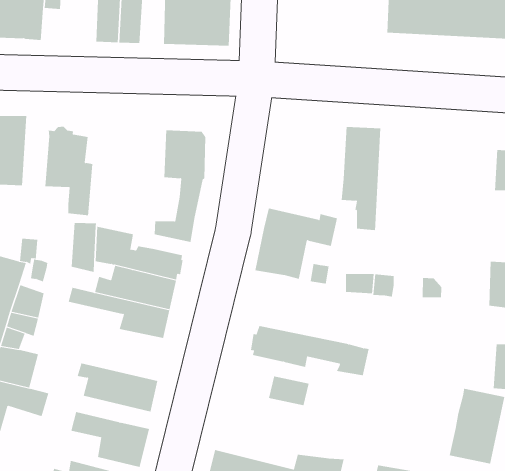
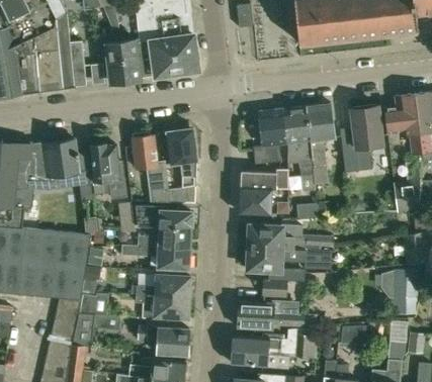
building: none -> [254,110,288,166]
building: none -> [132,132,170,202]
building: none -> [307,104,335,185]
building: none -> [341,106,382,173]
building: none -> [247,226,320,253]
building: none -> [137,275,190,297]
building: none -> [237,300,311,330]

